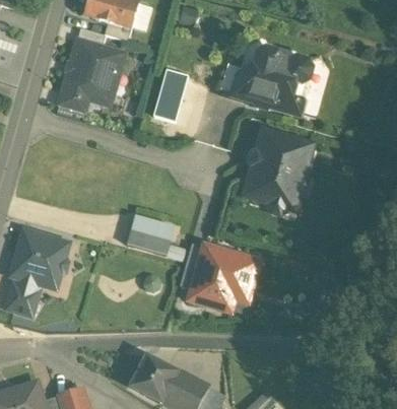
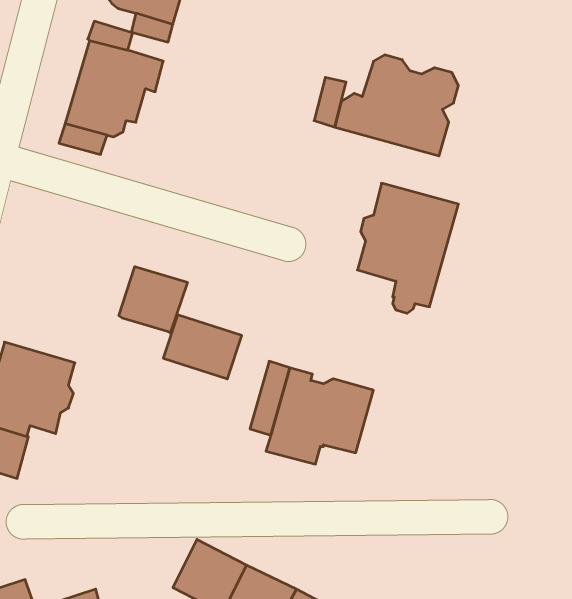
building: [153,68,188,121] -> none
building: none -> [119,267,187,333]

